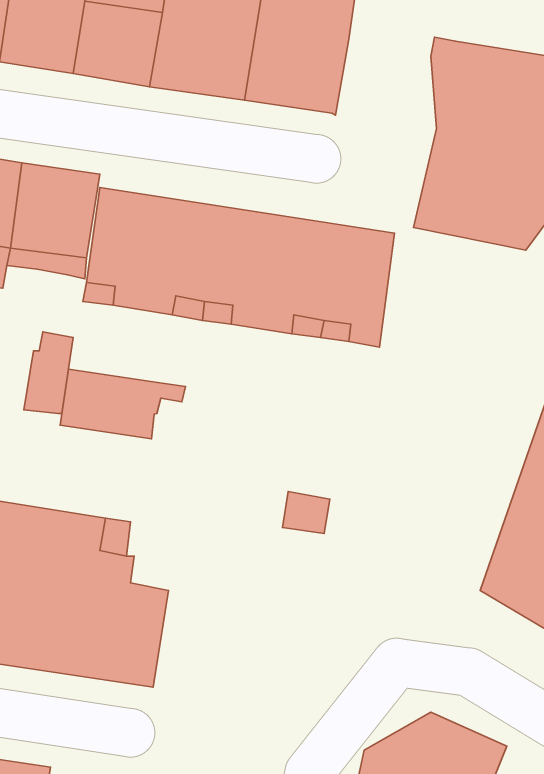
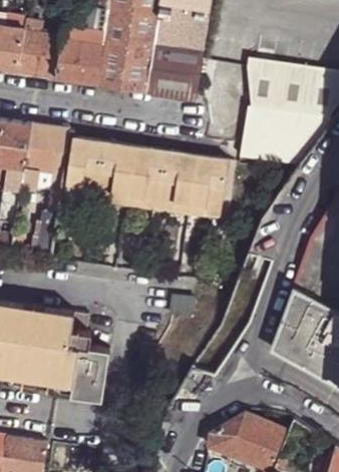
building: [60,369,186,439] -> none

